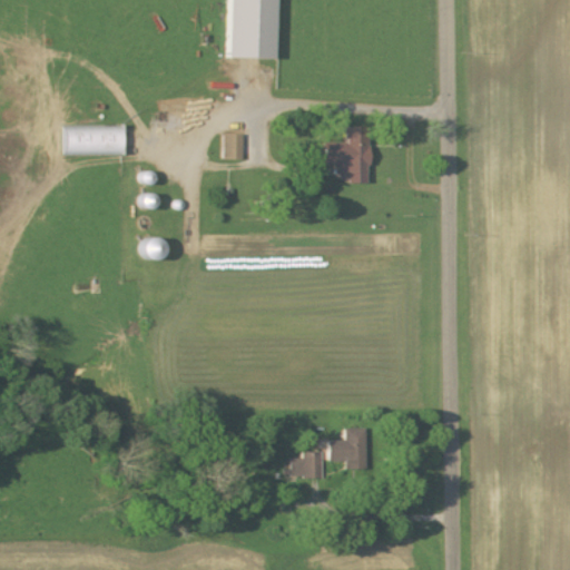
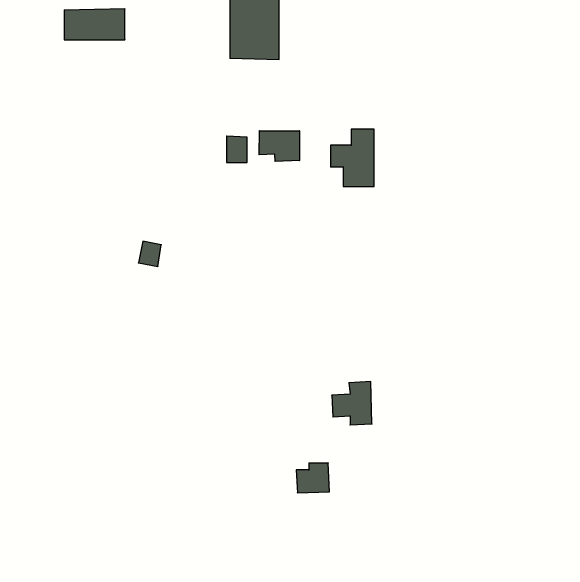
building: [65,125,124,155] -> [64,9,125,40]
building: none -> [259,131,299,161]
building: [328,426,367,469] -> [332,382,372,425]

